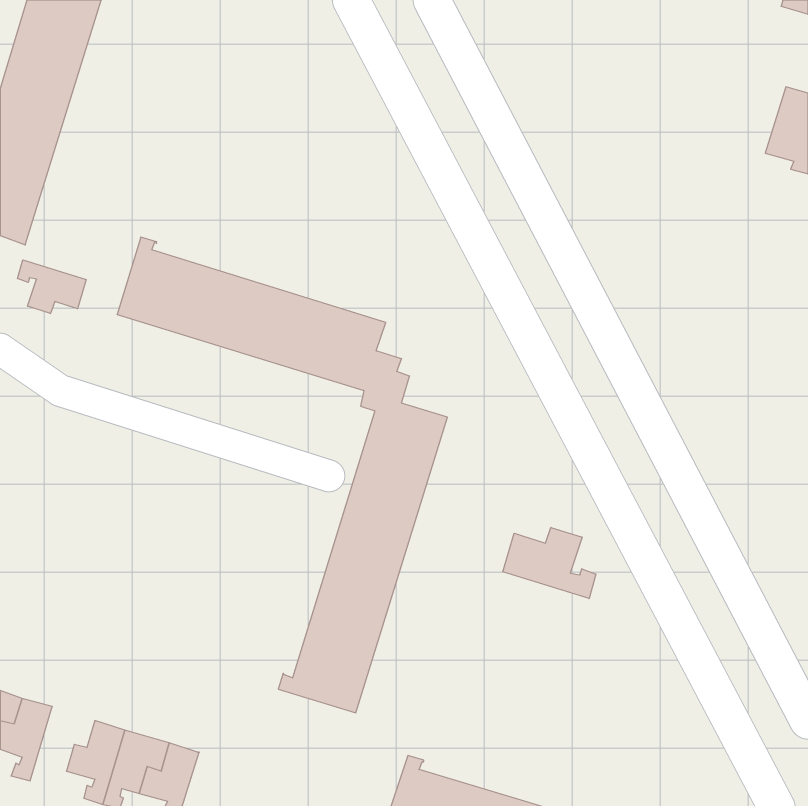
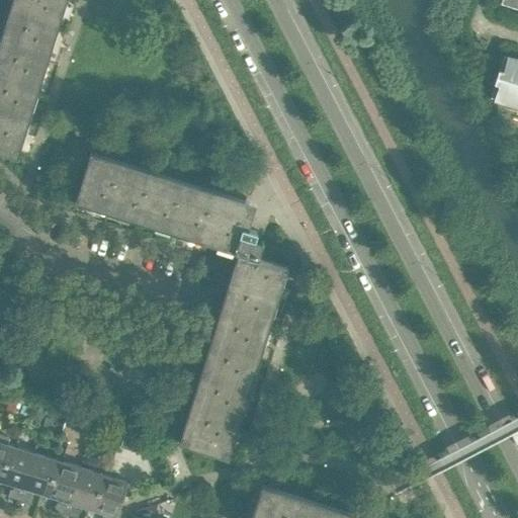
building: [18,260,86,314] -> none
building: [503,527,596,599] -> none
building: none -> [19,453,61,505]

